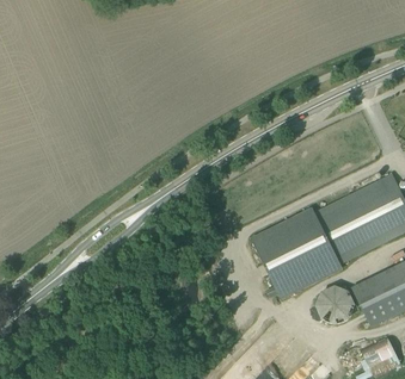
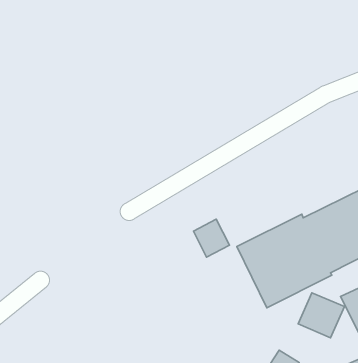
building: none -> [194,219,229,257]

